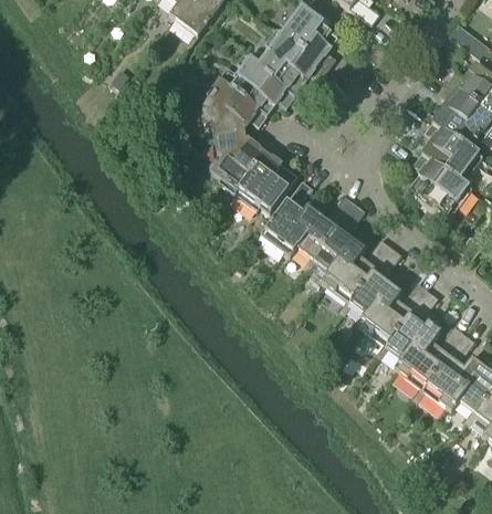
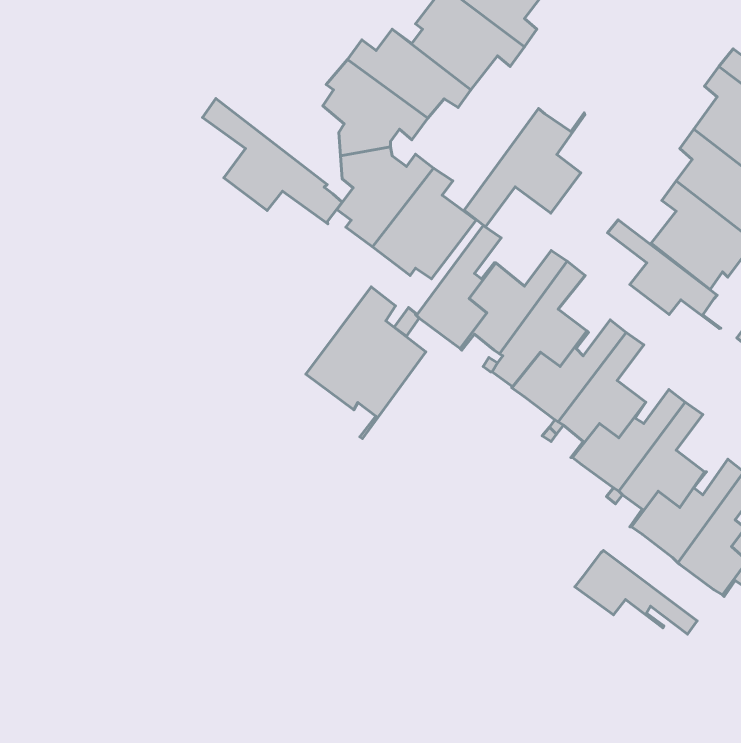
building: none -> [203,99,342,224]
building: none -> [464,109,585,227]
building: none -> [607,220,721,328]
building: none -> [306,287,426,439]
building: none -> [575,551,697,634]

